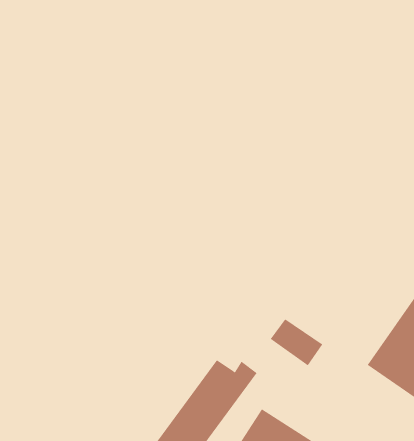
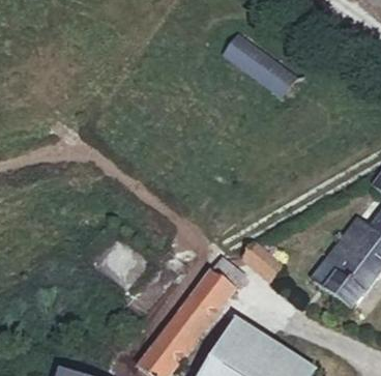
building: none -> [222,35,294,97]

